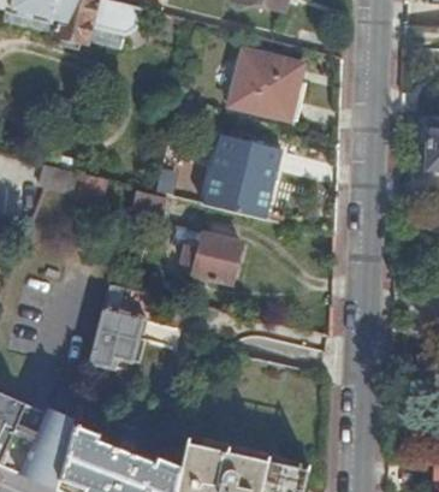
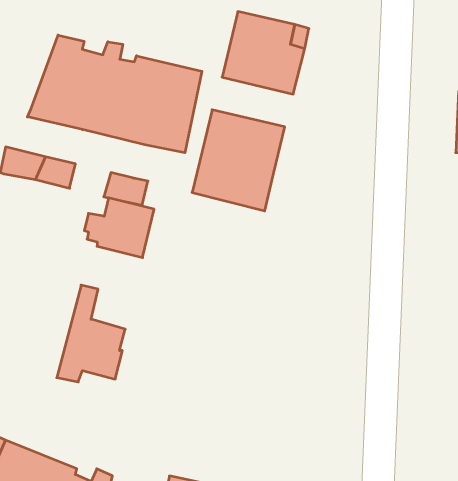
building: none -> [27,35,202,153]
building: [182,231,241,281] -> [84,198,154,258]

